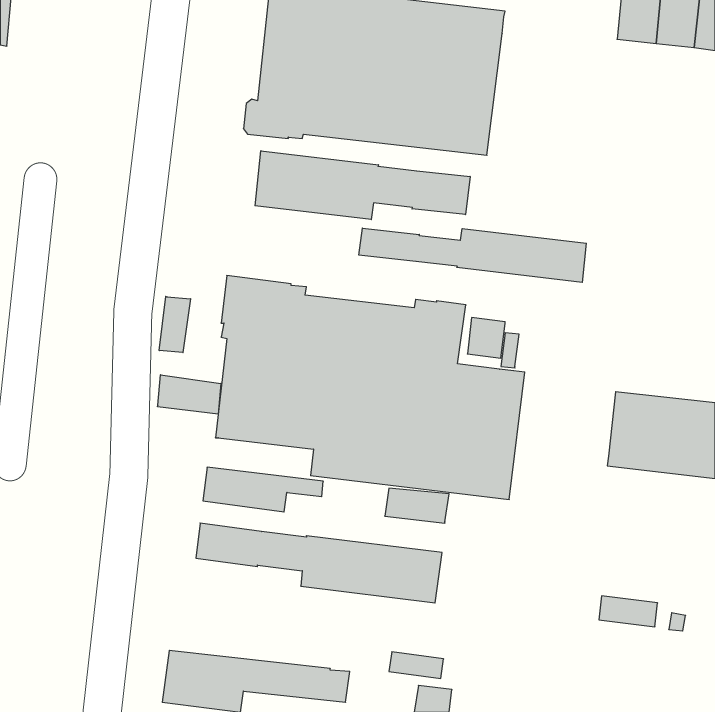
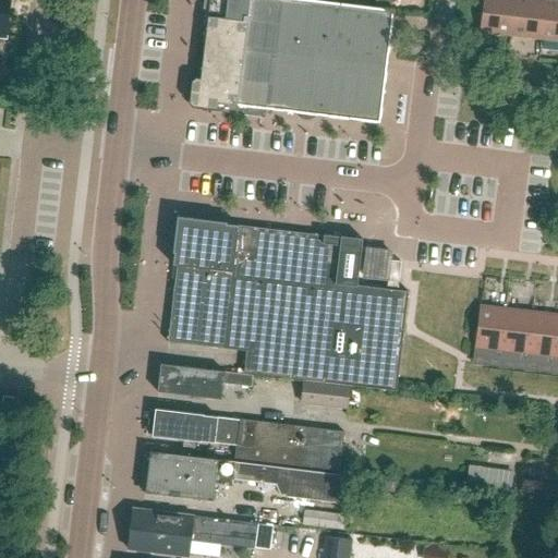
building: [255,151,470,220] -> none
building: [359,228,586,282] -> none
building: [159,296,191,353] -> none
building: [158,375,221,414] -> none
building: none -> [144,451,342,502]

